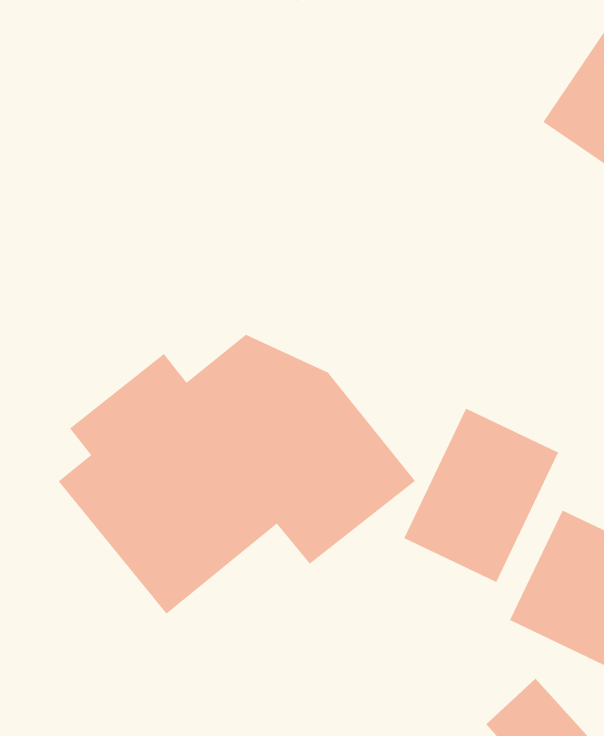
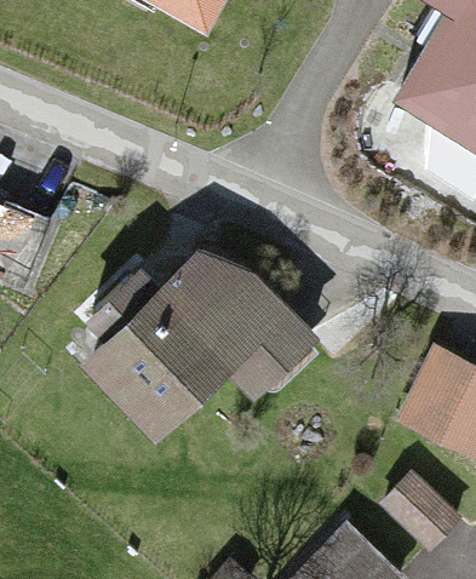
building: [404,408,559,583] -> none

